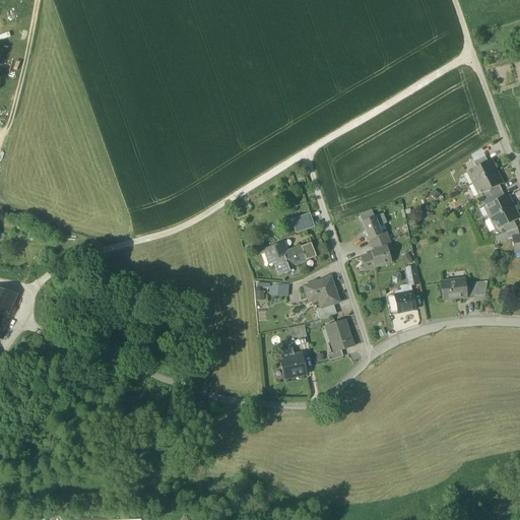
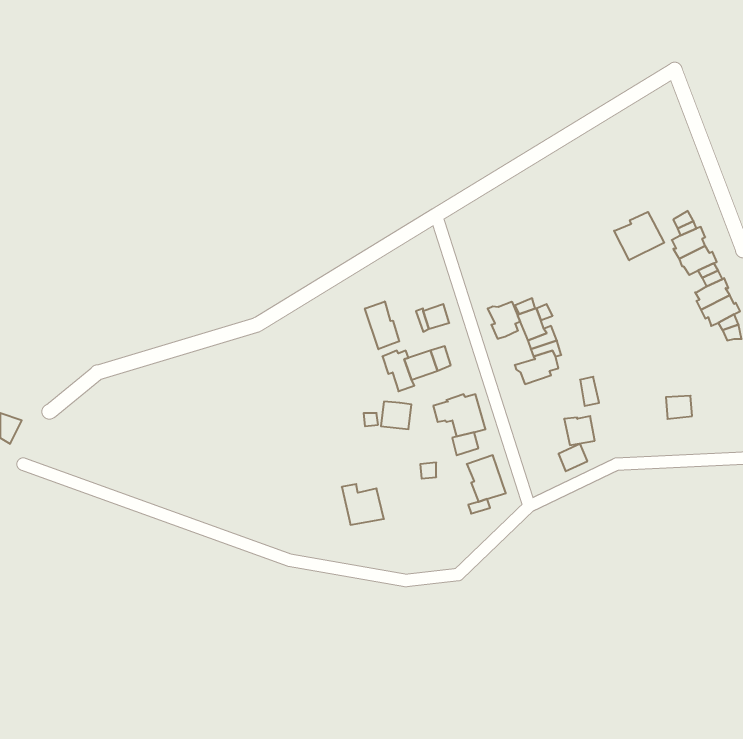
building: none -> [614,212,664,260]
building: none -> [365,301,399,349]
building: none -> [488,302,520,339]
building: [442,277,466,297] -> none
building: [277,348,307,377] -> [342,484,384,525]

